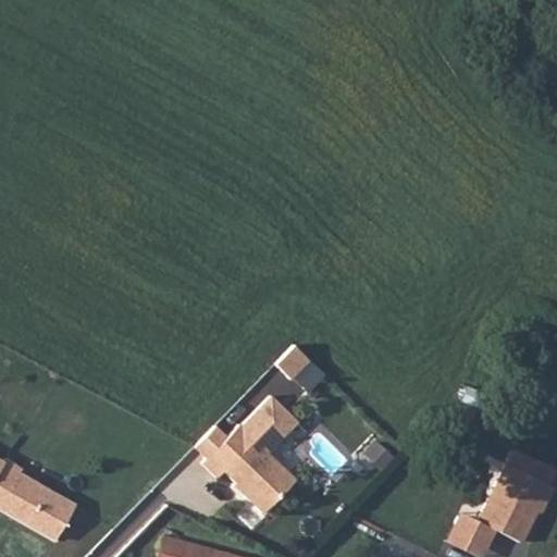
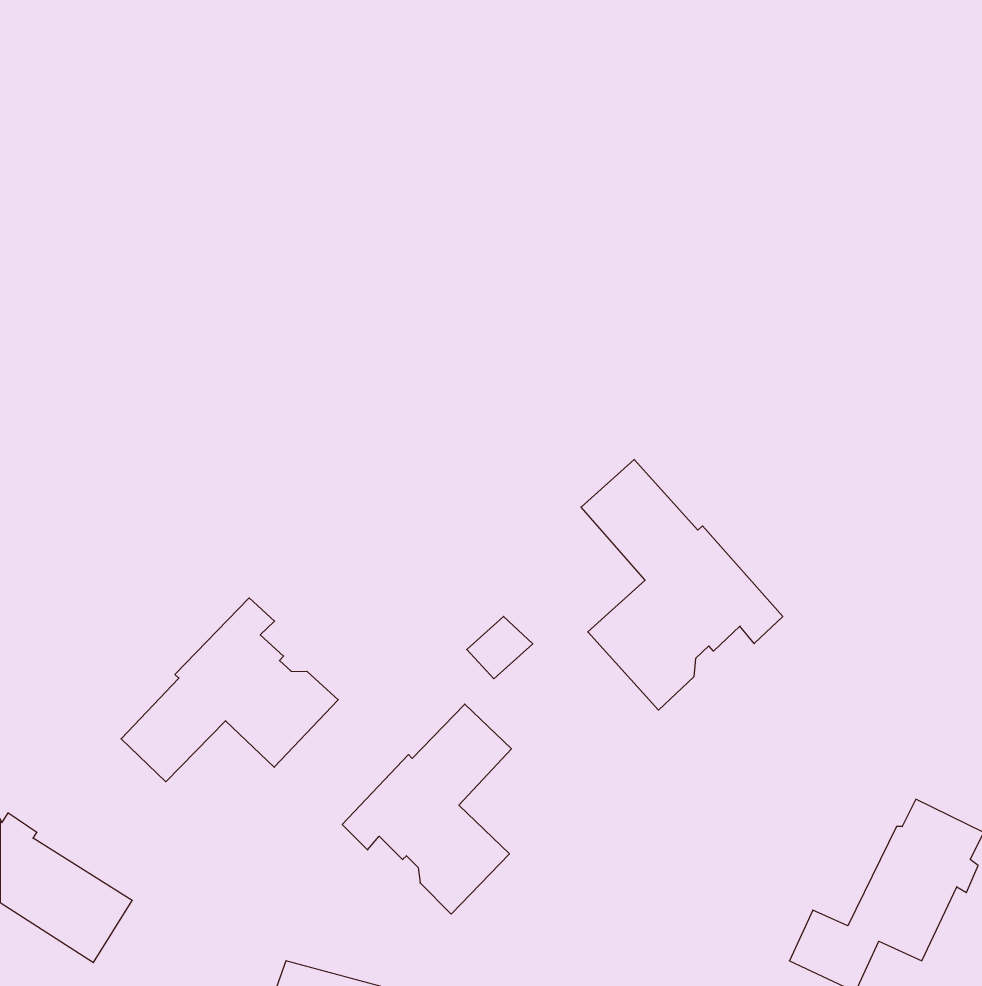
building: none -> [581,459,783,710]
building: none -> [121,598,338,782]

